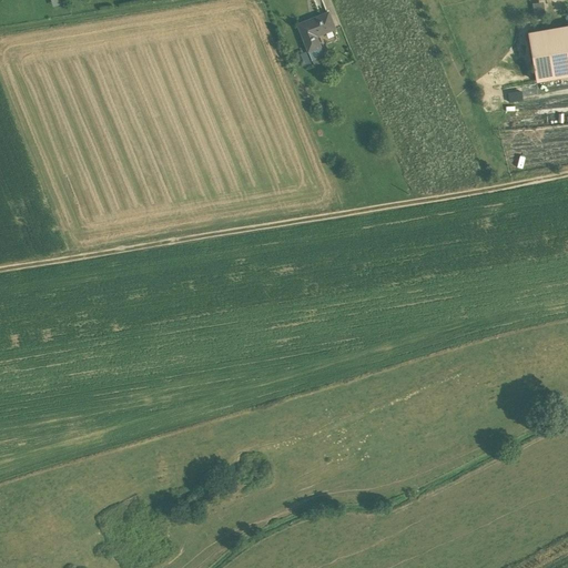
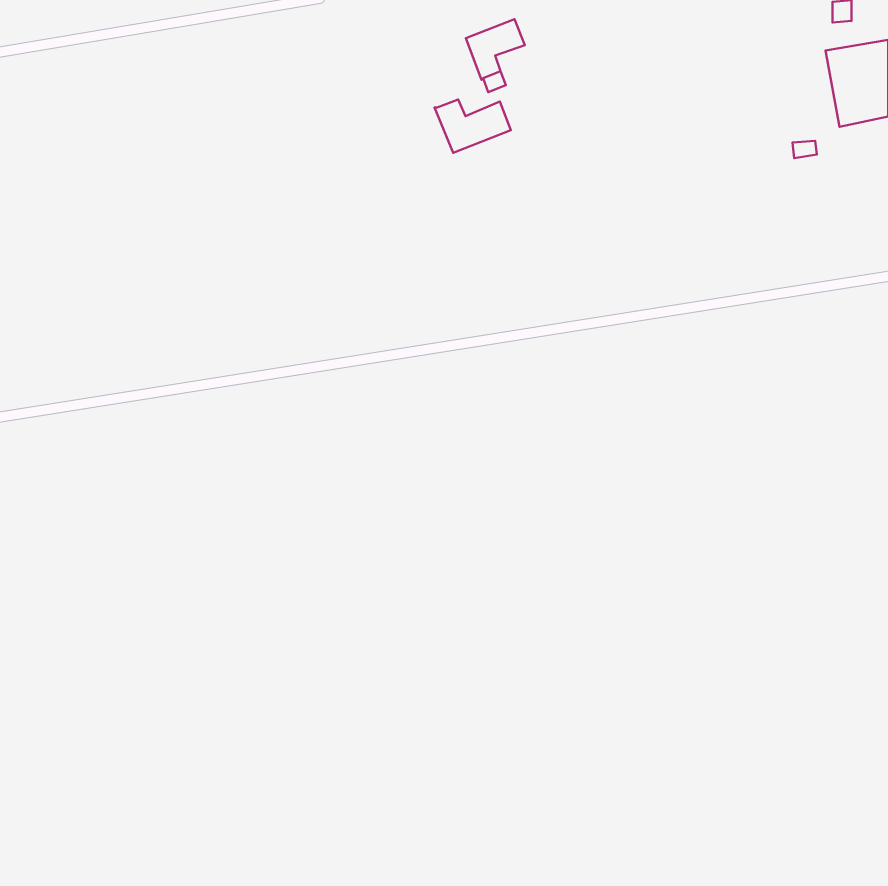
building: none -> [434,100,511,153]

